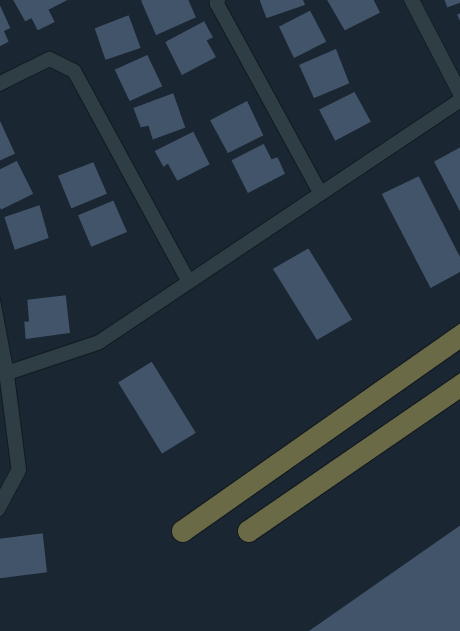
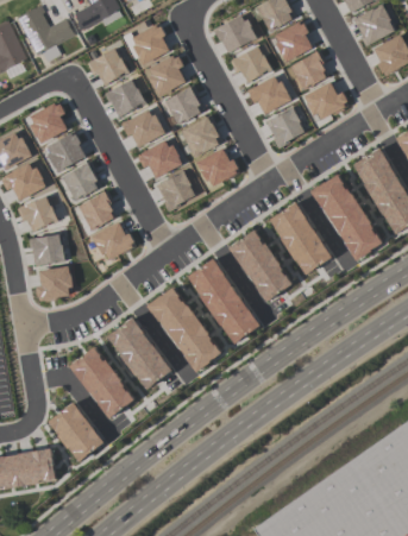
building: none -> [284,52,328,89]
building: none -> [303,83,349,121]
building: none -> [164,87,205,125]
building: none -> [26,102,67,143]
building: none -> [43,132,86,172]
building: none -> [156,169,202,210]
building: none -> [270,202,329,275]
building: none -> [92,221,133,261]
building: none -> [31,235,63,265]
building: none -> [187,258,258,343]
building: none -> [147,285,221,373]
building: none -> [68,347,134,418]
building: none -> [46,402,105,462]

